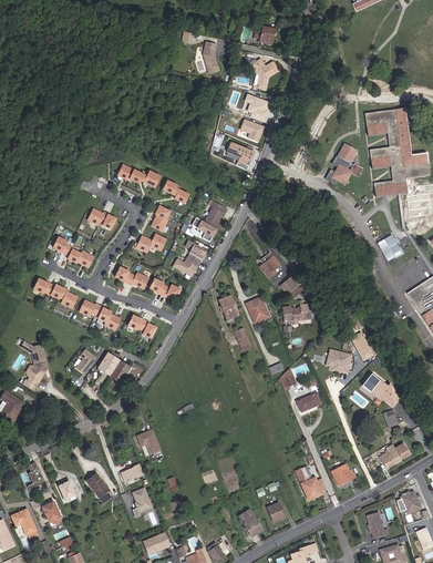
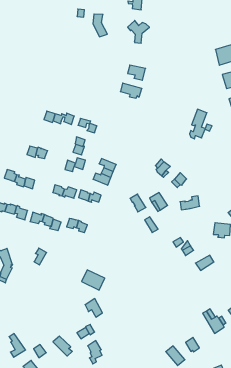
building: [246,93,272,121] -> none
building: [329,143,361,183] -> [190,109,212,139]
building: [192,201,224,242] -> none
building: [97,352,130,382] -> [82,270,105,290]

